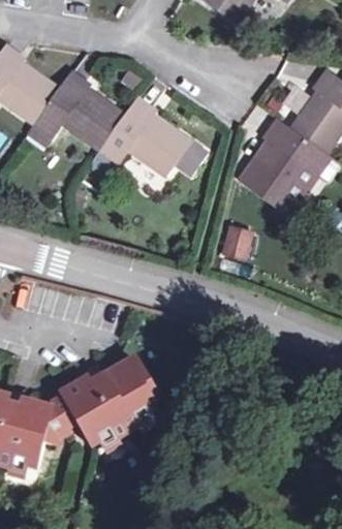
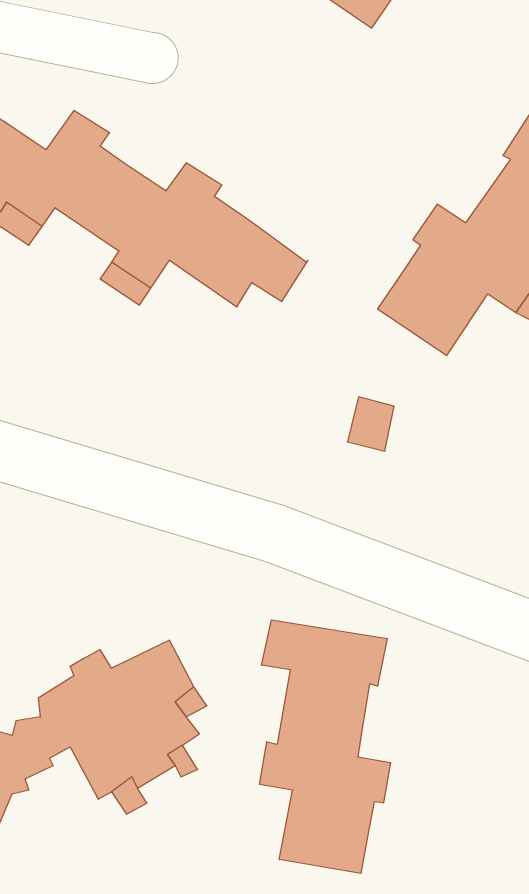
building: none -> [260,620,391,873]

